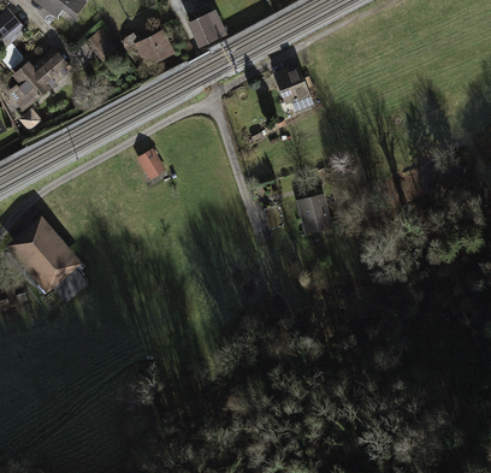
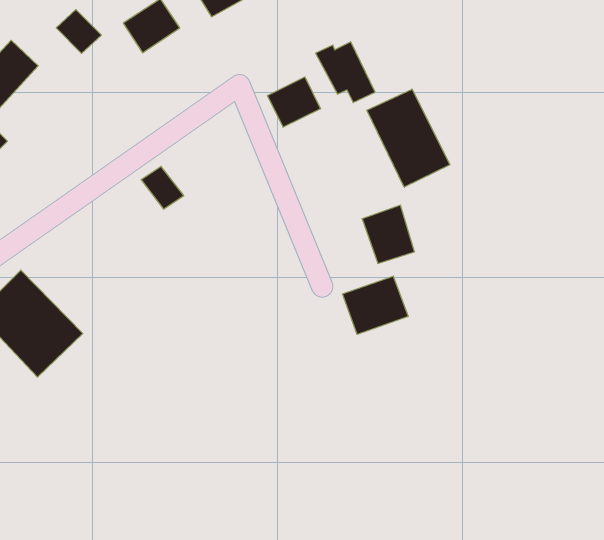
building: none -> [268,77,320,127]
building: none -> [367,89,450,187]
building: none -> [342,276,408,334]

